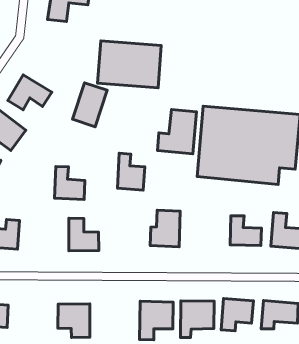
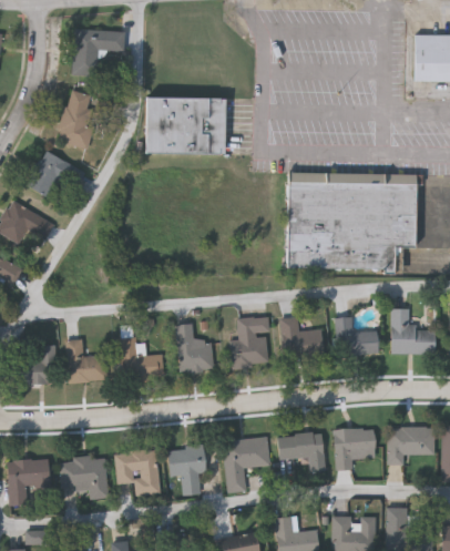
building: [72,83,107,127] -> [57,90,100,147]
building: [157,109,196,154] -> none
building: [117,153,145,190] -> [176,324,212,370]
building: [54,167,85,200] -> [65,338,106,381]
building: none -> [280,317,324,360]
building: none -> [166,446,205,496]
building: none -> [59,457,108,499]

